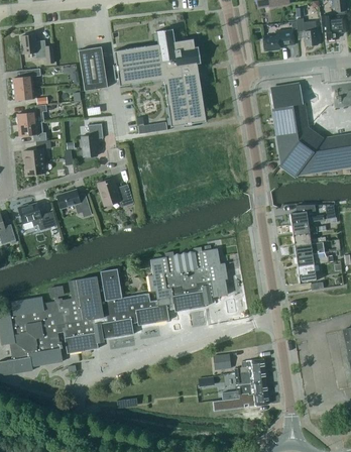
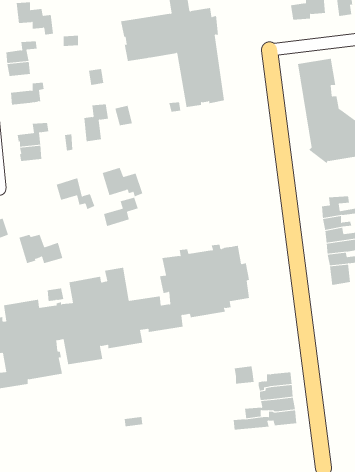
building: [79,46,108,91] -> none
building: [18,122,47,141] -> none
building: [18,204,57,230] -> [18,234,63,264]
building: none -> [103,197,138,227]

